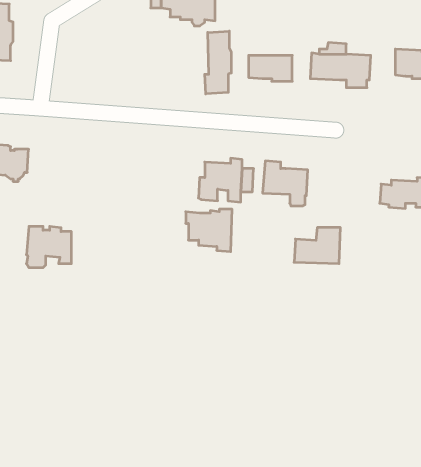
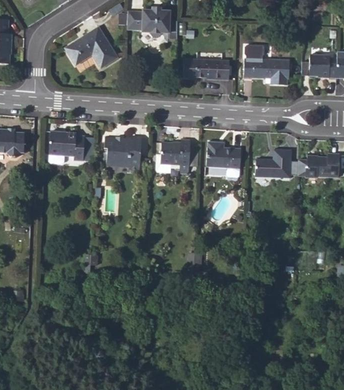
building: none -> [65,25,118,67]
building: [205,31,231,94] -> none
building: [186,209,232,252] -> [105,136,141,169]
building: [26,226,71,268] -> [49,131,84,163]
building: [294,228,340,264] -> [255,149,291,177]

